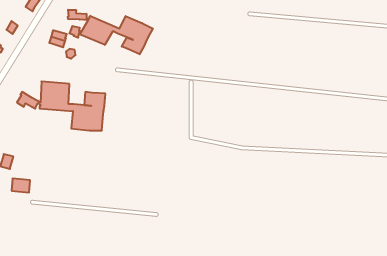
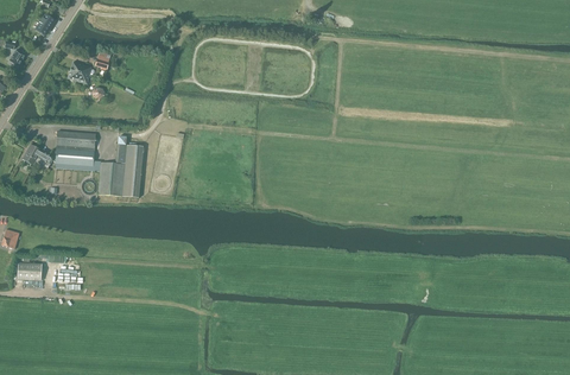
building: [68,10,153,54] -> none

